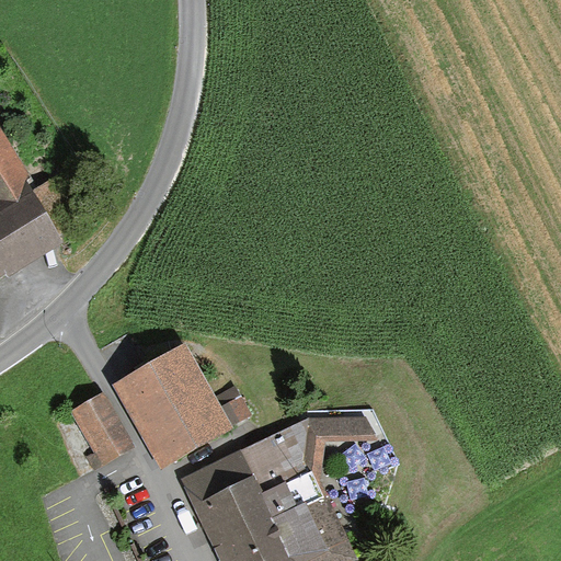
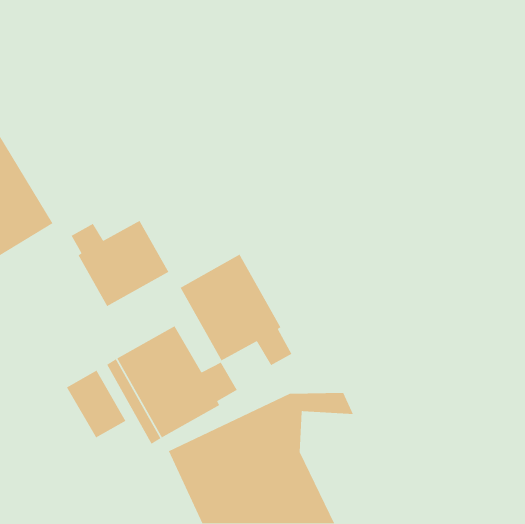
building: none -> [71,220,169,307]
building: none -> [180,253,293,366]

